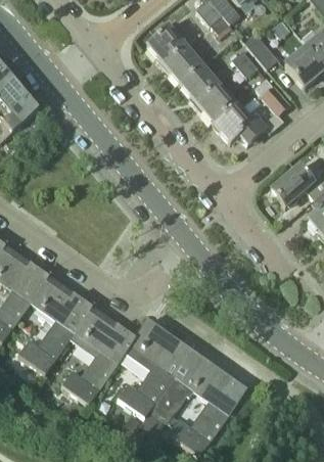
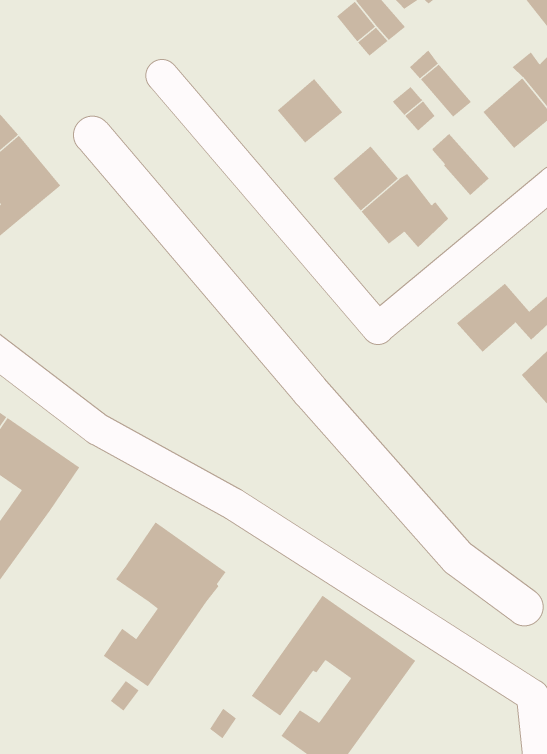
building: [148,22,193,65] -> none
building: [181,66,220,105] -> none
building: [19,275,93,373] -> none
building: [118,319,191,416] -> none

